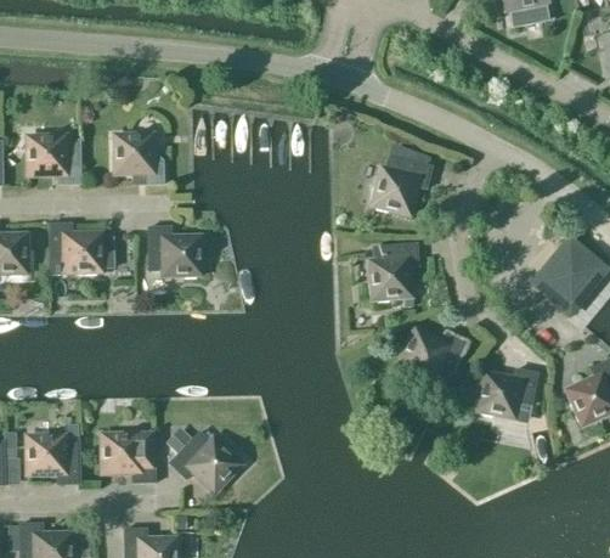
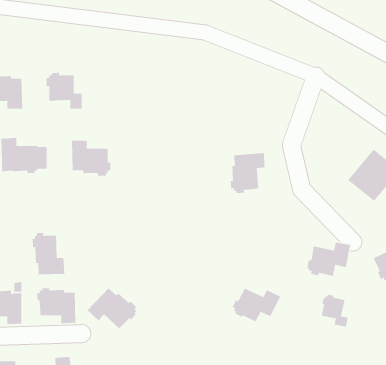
building: [371,141,431,212] -> none
building: [397,328,467,377] -> [232,287,281,322]
building: none -> [32,232,65,275]
building: none -> [321,294,348,327]

